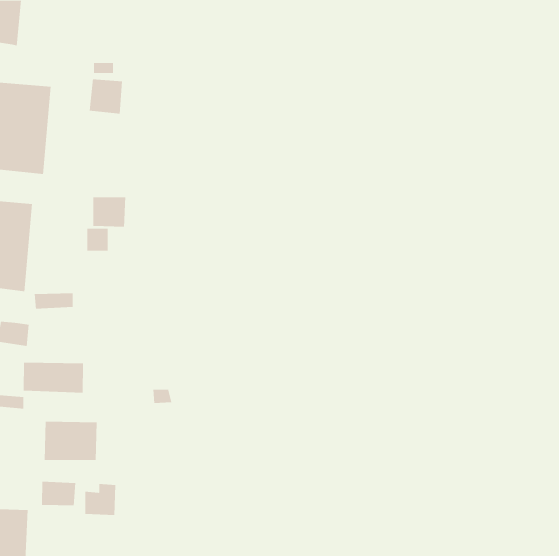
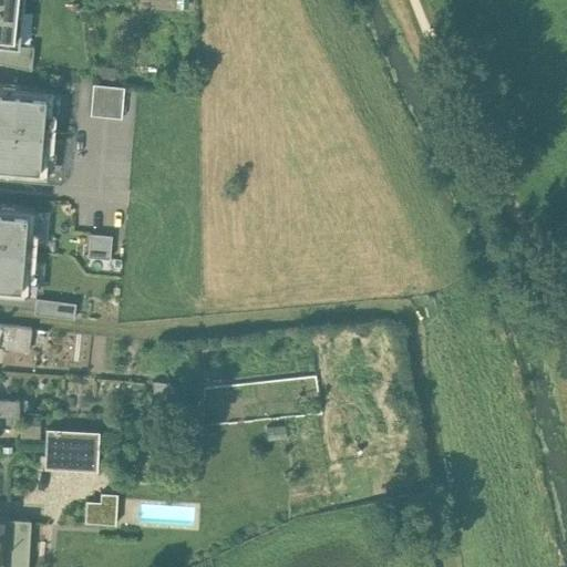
building: [93,197,126,227] -> none
building: [23,362,84,393] -> none
building: [41,481,76,506] -> none

